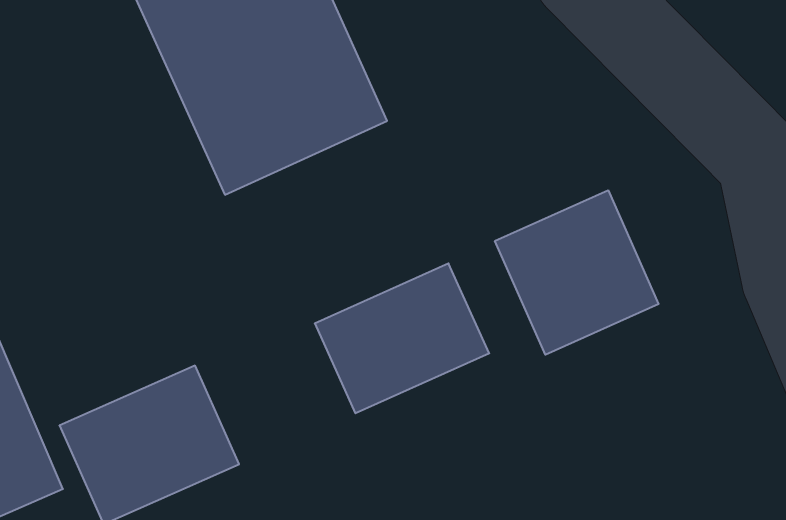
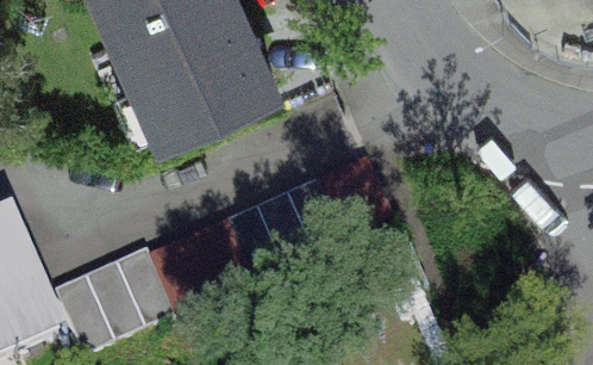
building: [495,190,659,355] -> none

